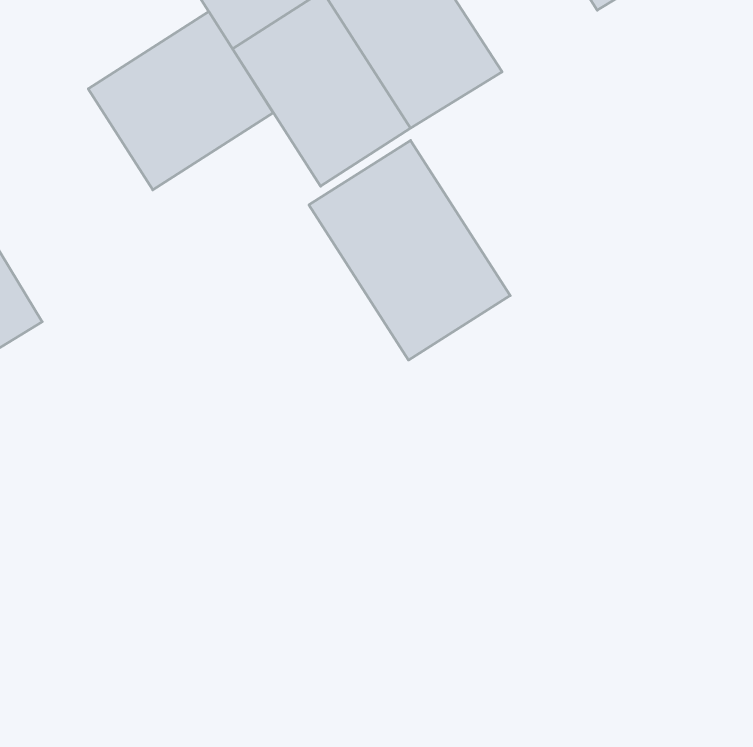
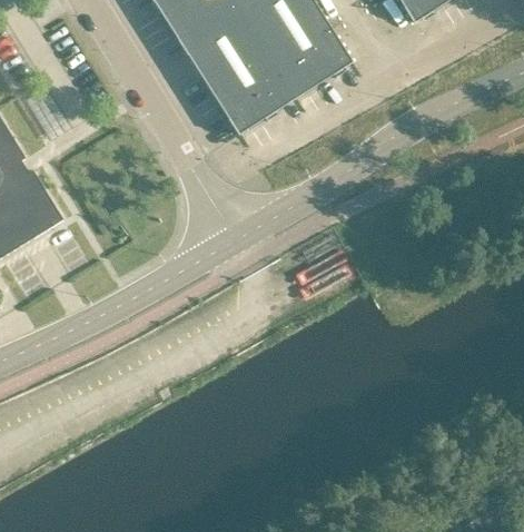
building: [88,12,273,190] -> none
building: [309,140,510,360] -> none

